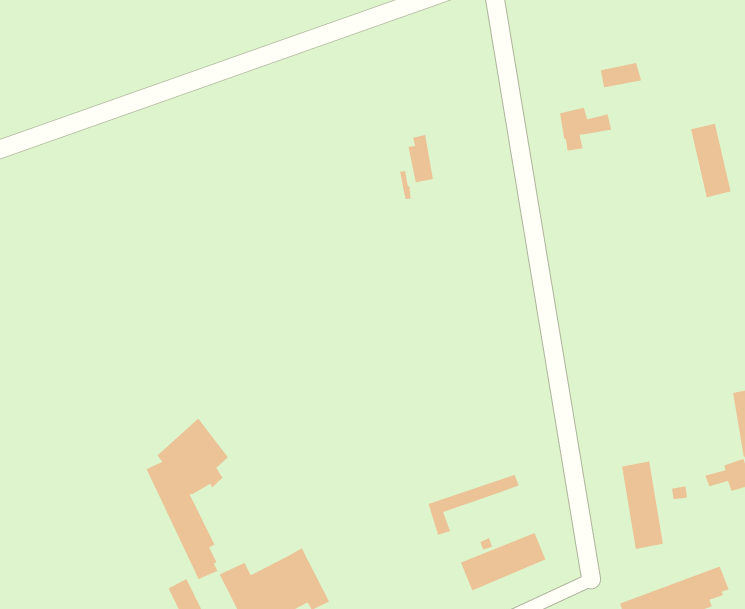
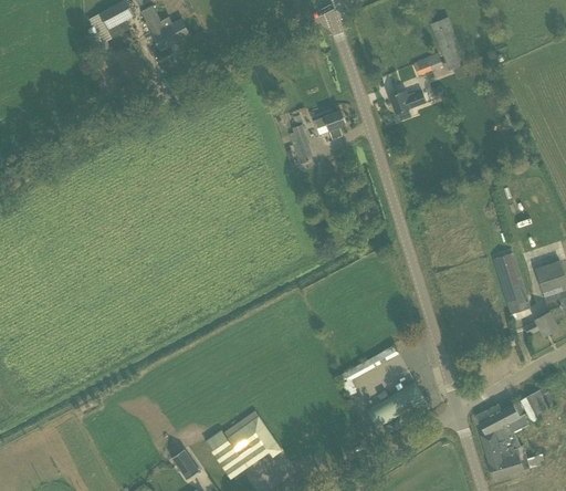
building: [690,123,732,198] -> [431,17,465,69]
building: none -> [315,109,346,138]
building: [145,418,229,580] -> none
building: [621,461,664,550] -> [494,251,531,313]

